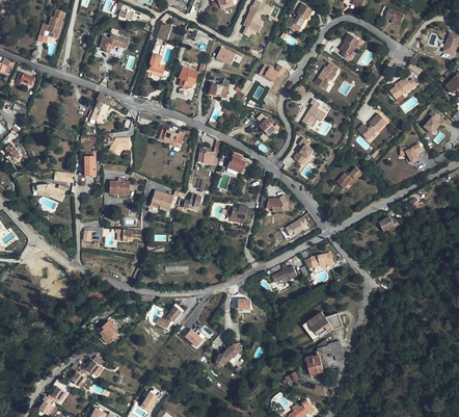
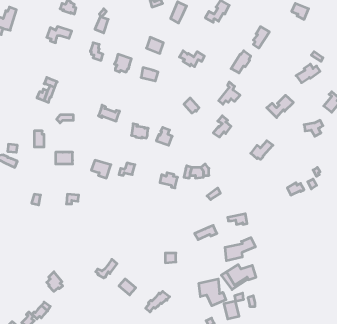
building: none -> [225,238,255,261]
building: none -> [199,279,226,306]

